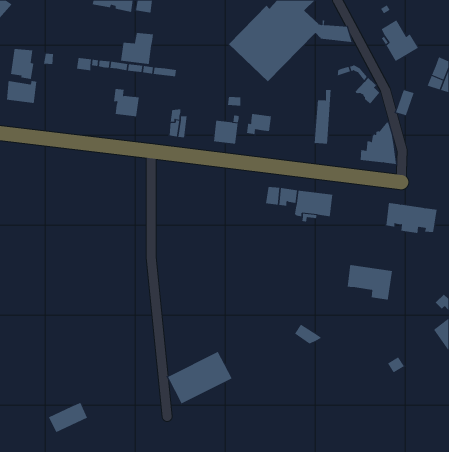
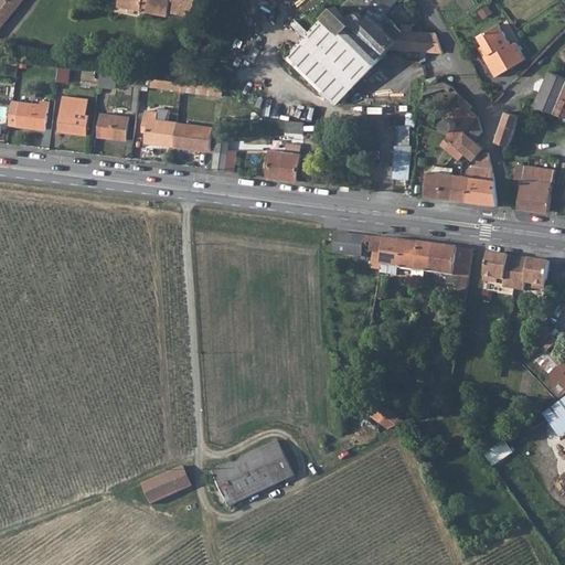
building: [120,33,154,64] -> [171,110,213,150]
building: [10,48,34,79] -> [57,96,87,135]
building: none -> [96,113,127,139]
building: none -> [440,115,481,161]
building: [246,113,271,135] -> none
building: none -> [512,164,553,212]
building: none -> [424,171,458,200]
building: [347,265,393,300] -> [413,243,470,287]
building: [48,402,88,433] -> [138,466,188,504]

